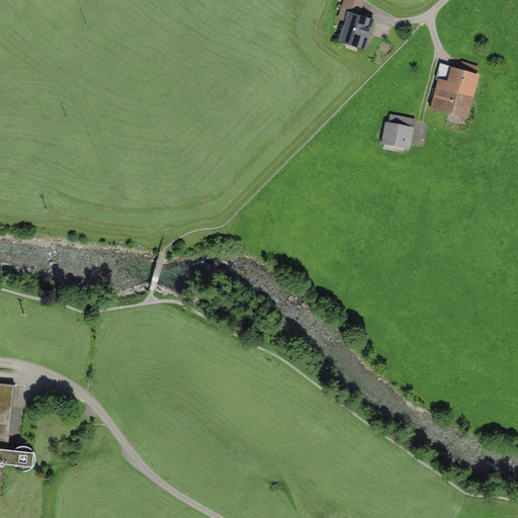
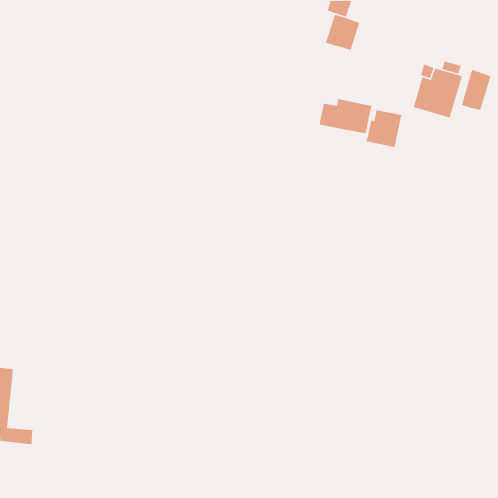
building: none -> [461,69,491,111]
building: none -> [319,98,372,134]

